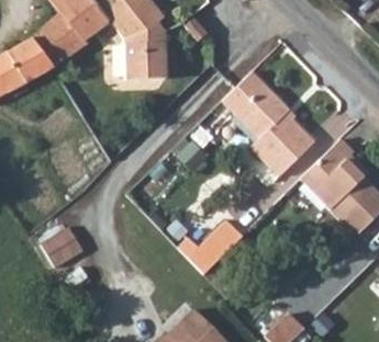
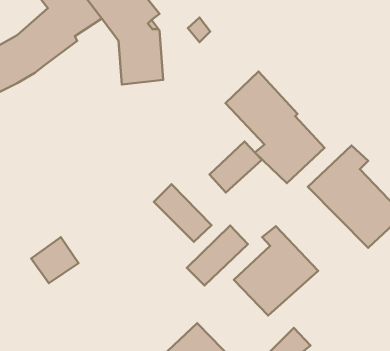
building: none -> [210,141,262,193]
building: none -> [154,184,211,242]
building: none -> [234,226,318,316]

